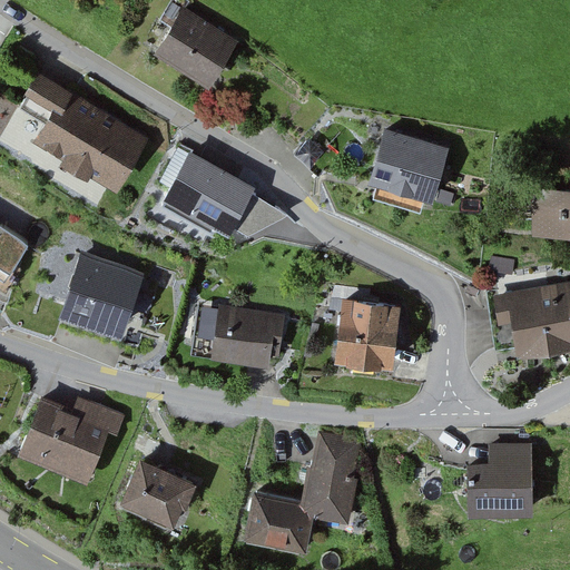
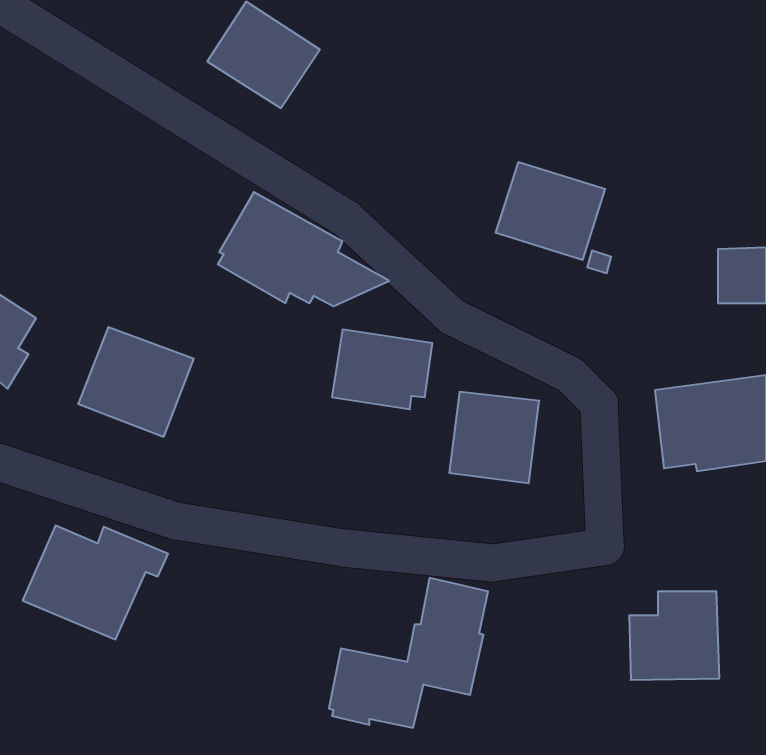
building: [20,72,147,190] -> none
building: [210,308,285,367] -> [332,330,432,409]
building: [120,458,197,523] -> none

